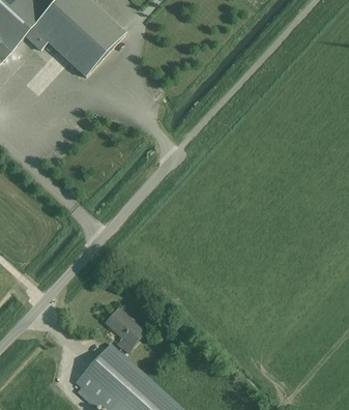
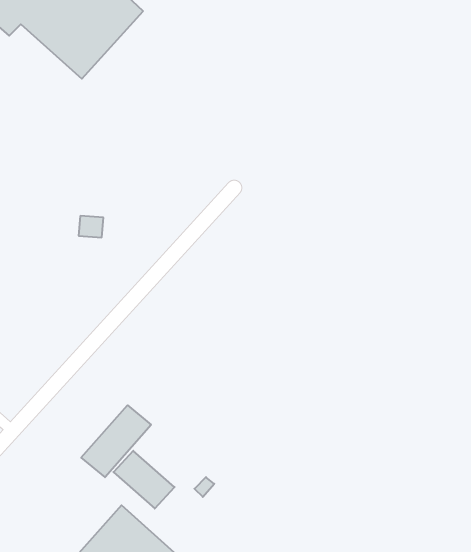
building: none -> [81,405,151,477]

